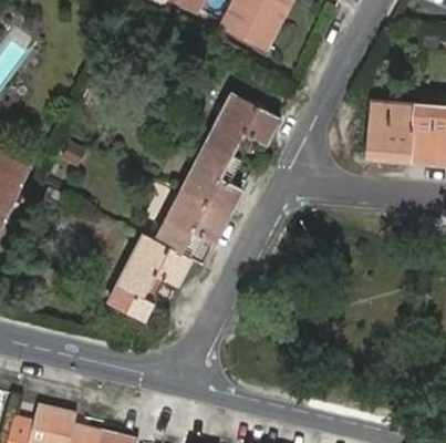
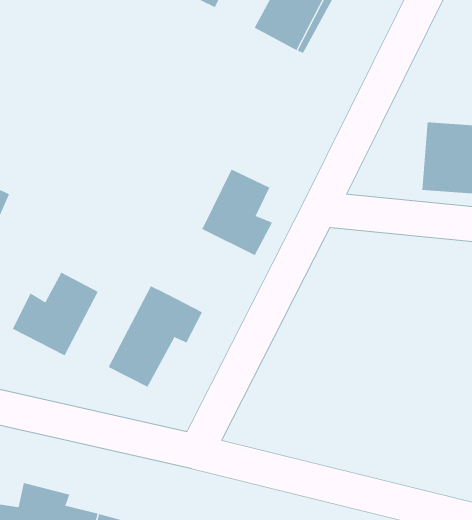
building: [208,94,280,159] -> none
building: [155,194,228,264] -> none
building: none -> [12,272,99,356]

